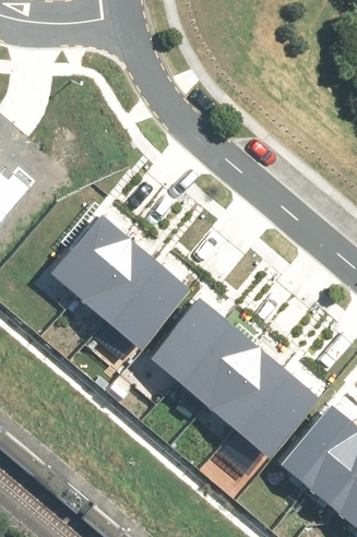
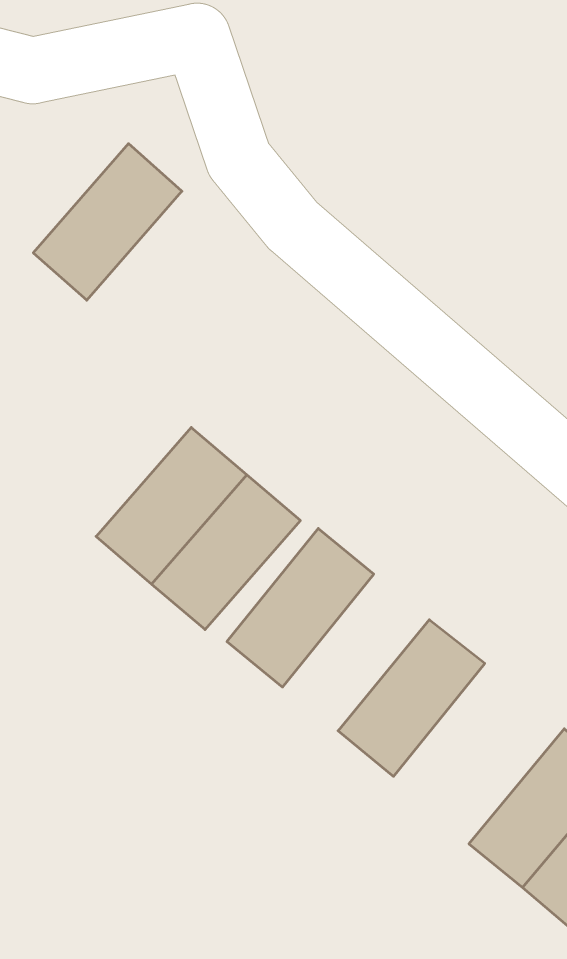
building: [48,214,130,300] -> [33,144,182,300]
building: [180,321,261,407] -> none
building: [241,370,322,456] -> none

